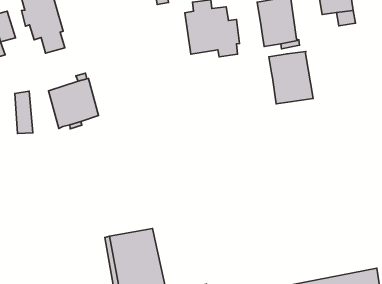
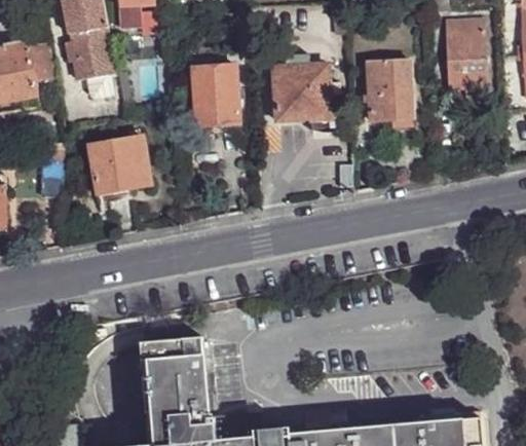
building: none -> [191,64,236,128]
building: [269,52,313,104] -> none

